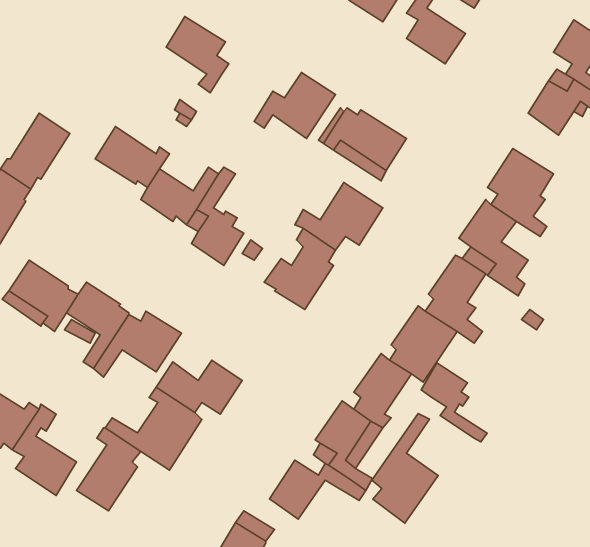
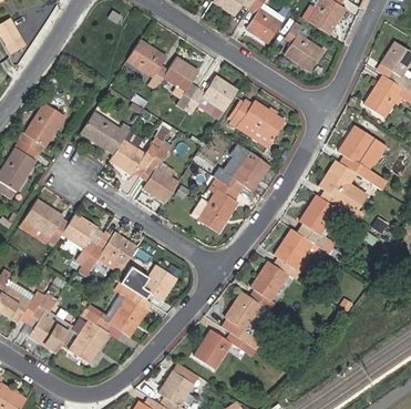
building: none -> [164,58,198,109]
building: [421,363,487,442] -> none
building: [372,413,438,523] -> none

